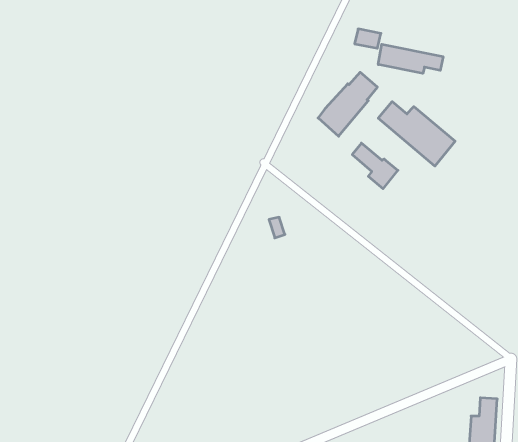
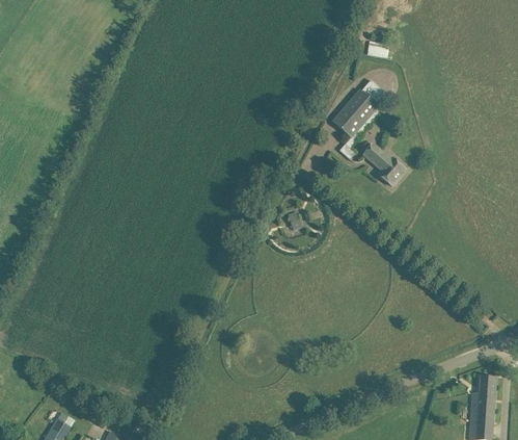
building: [378,44,443,73] -> none
building: [378,102,455,166] -> none

